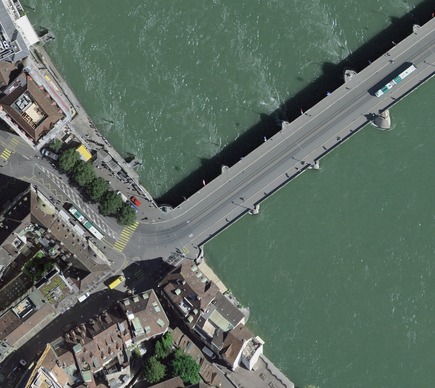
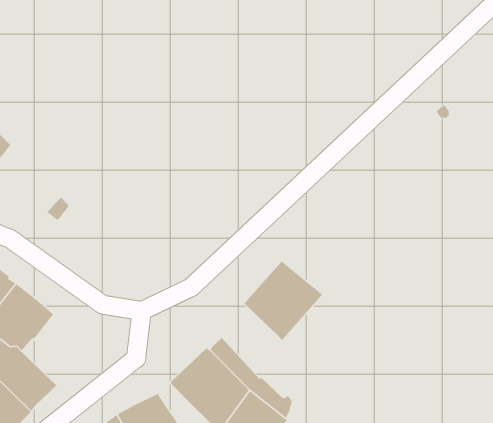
building: none -> [243,260,323,341]
building: [52,235,106,287] -> none

